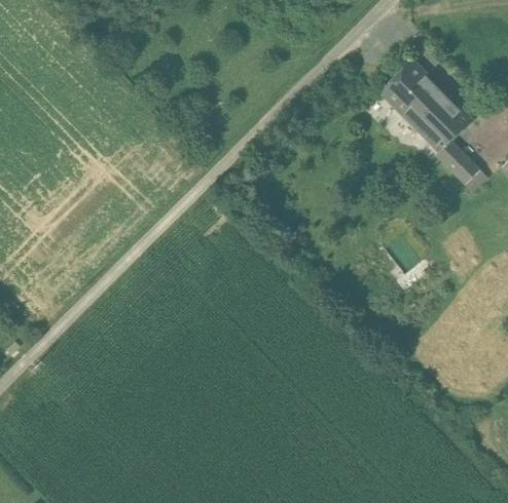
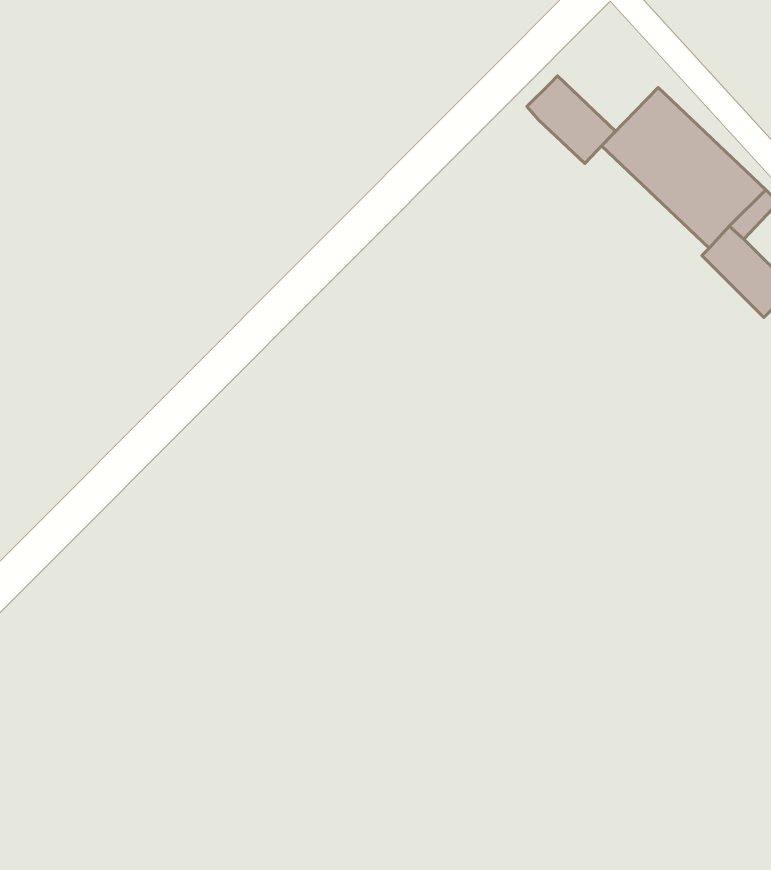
building: none -> [527,76,616,164]

